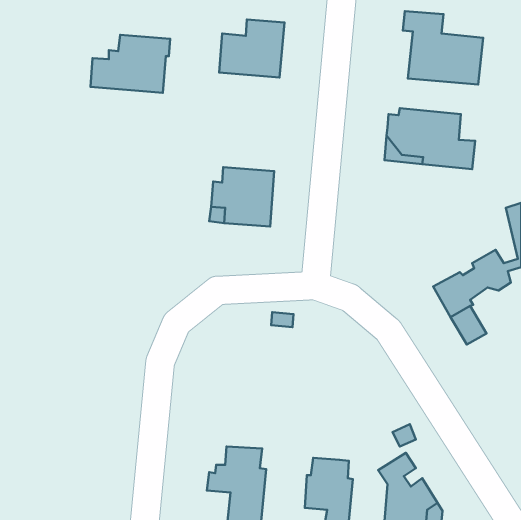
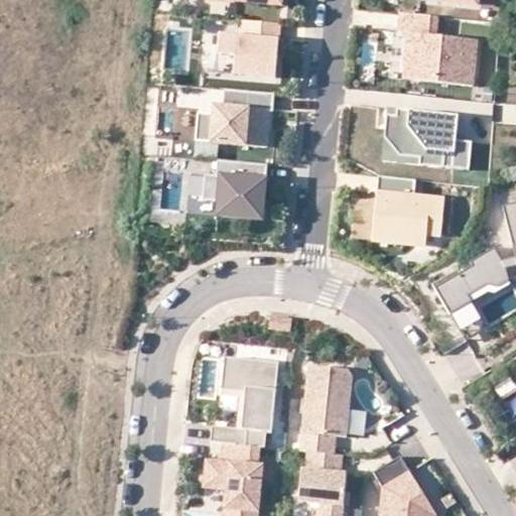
building: [90,35,170,93] -> [197,90,275,147]
building: none -> [373,175,444,244]
building: none -> [211,356,277,445]
building: none -> [301,368,353,456]

